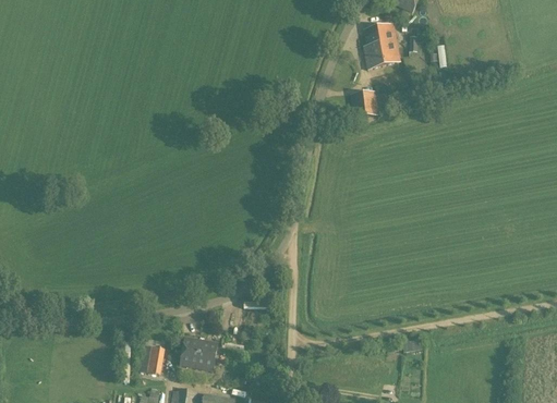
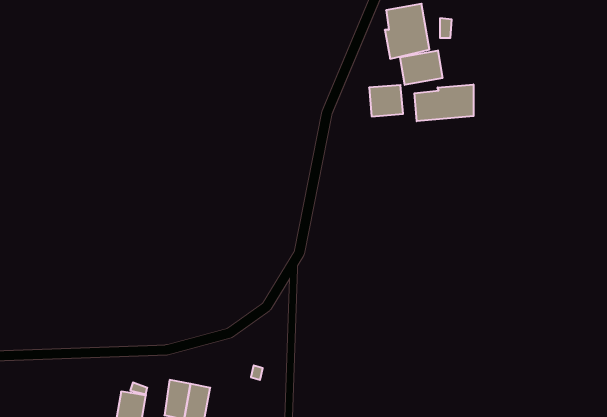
building: none -> [400,50,442,85]
building: none -> [414,84,474,121]

